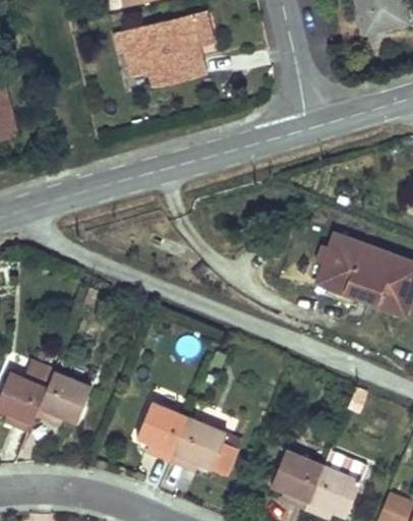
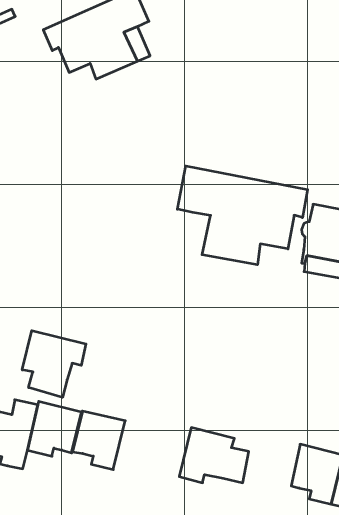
building: none -> [177,166,308,265]
building: none -> [22,331,86,397]
building: [136,403,189,461] -> [72,411,125,470]

